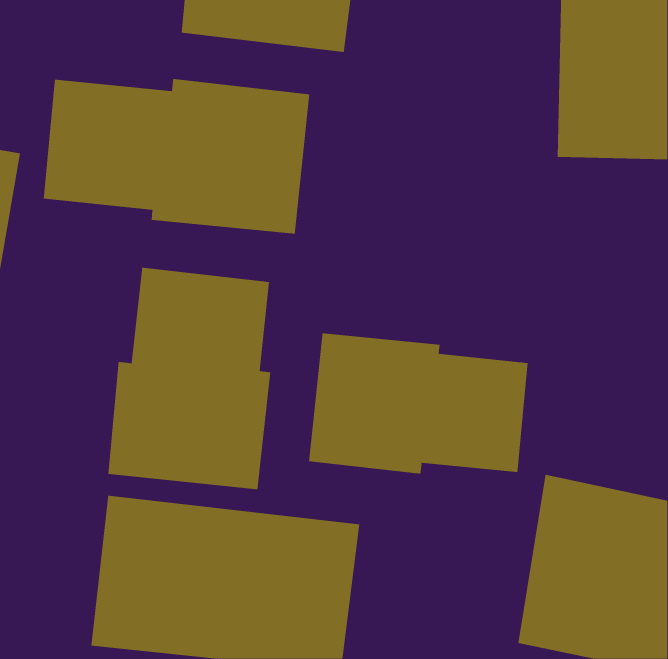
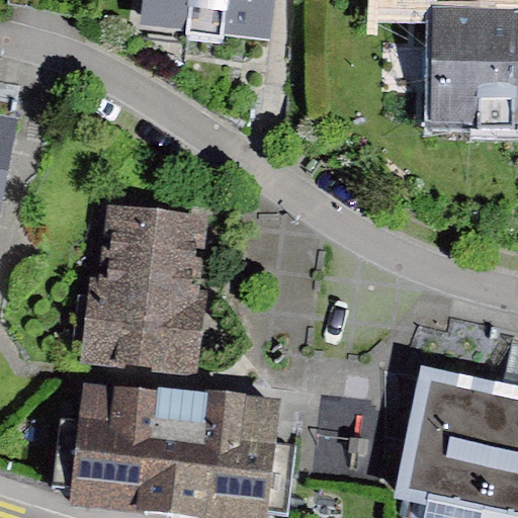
building: [43,78,310,235] -> none
building: [309,333,528,475] -> none

